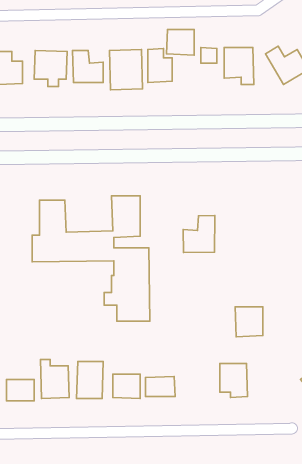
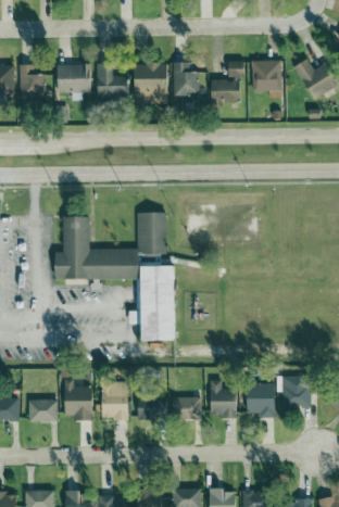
building: [166,30,194,55] -> [211,78,239,104]
building: [183,216,215,253] -> none
building: [235,307,263,337] -> [282,376,311,406]
building: none -> [211,379,237,417]

